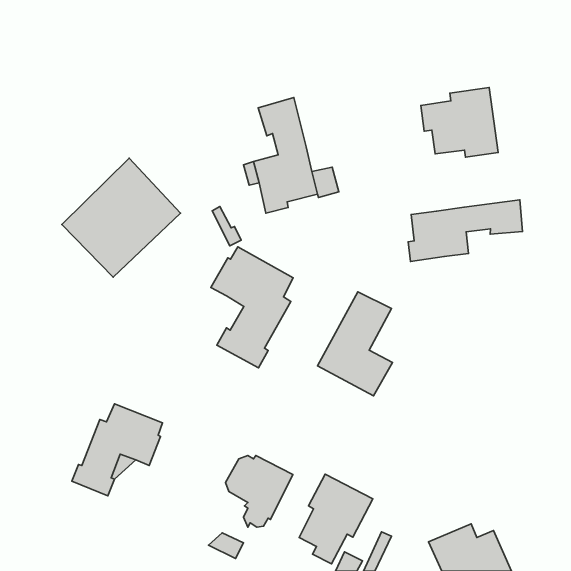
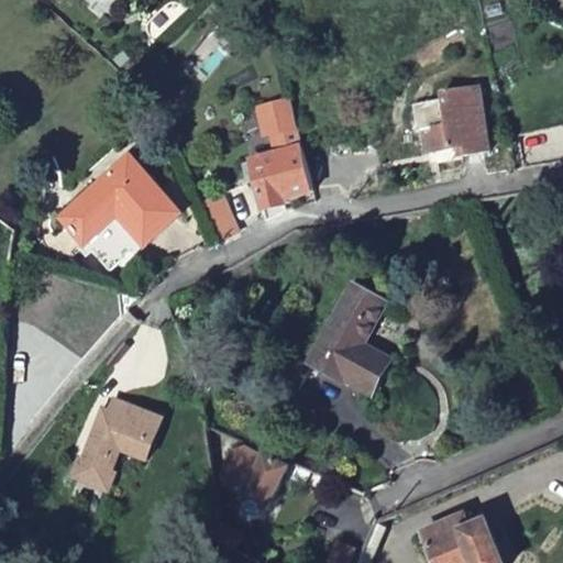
building: [408,200,522,261] -> none
building: [211,247,293,368] -> none
building: [299,474,373,564] -> none

